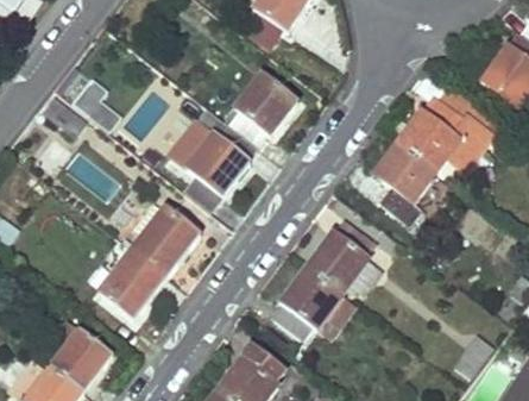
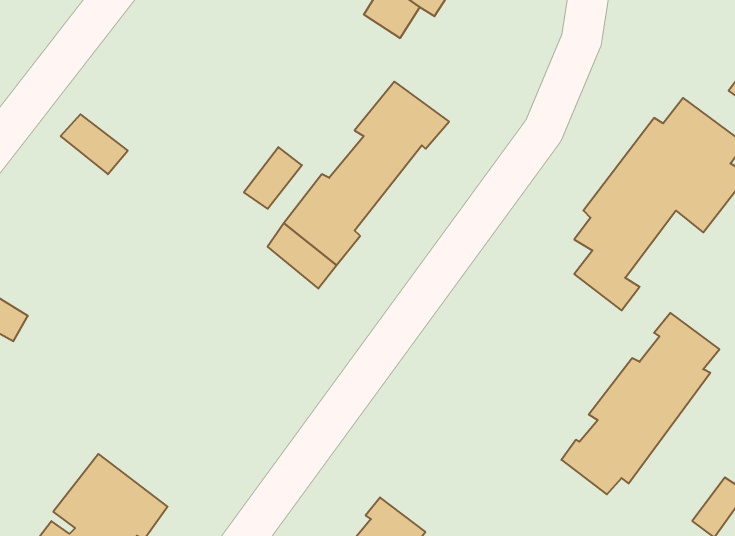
building: [101,208,200,318] -> none
building: [273,219,377,338] -> [561,313,719,494]

